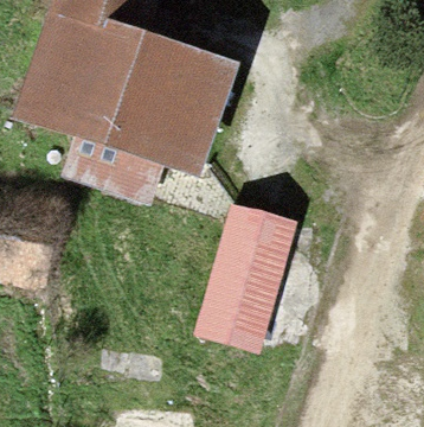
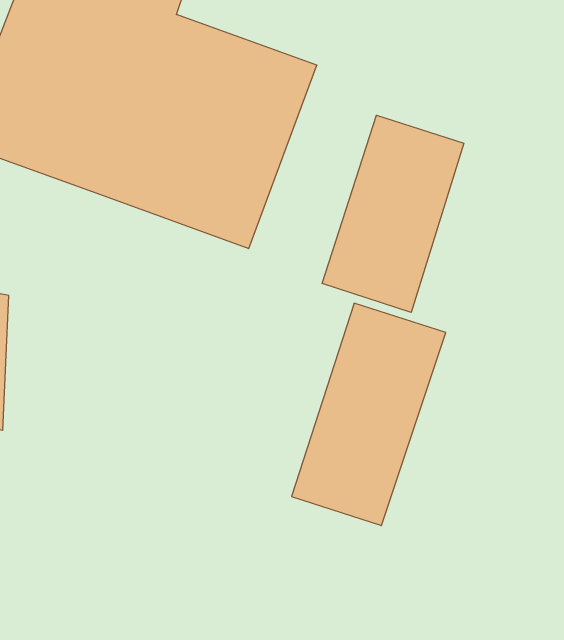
building: none -> [322,115,464,312]

